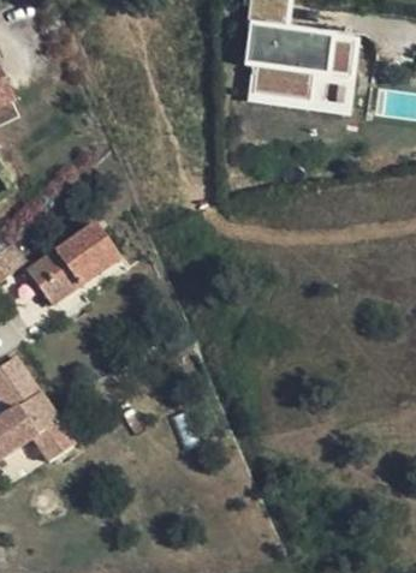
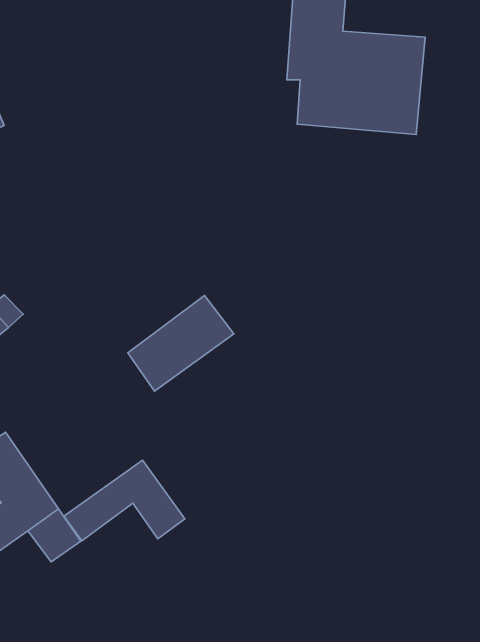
building: [30,226,117,304] -> [128,295,234,391]
building: none -> [64,460,185,541]

